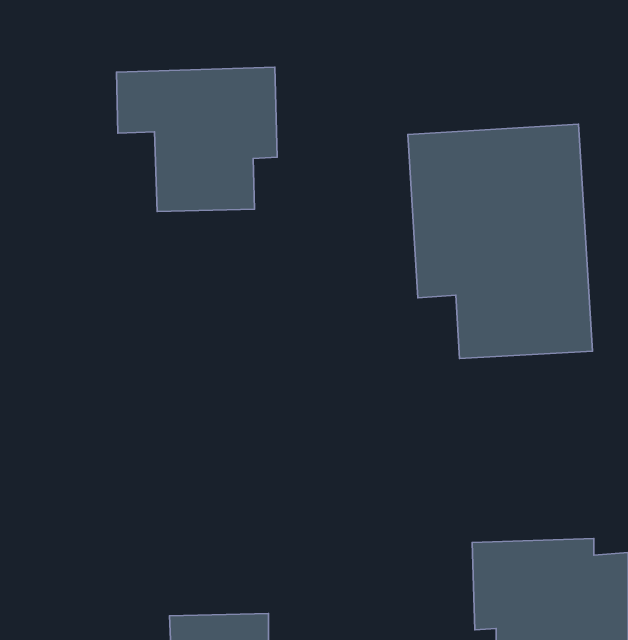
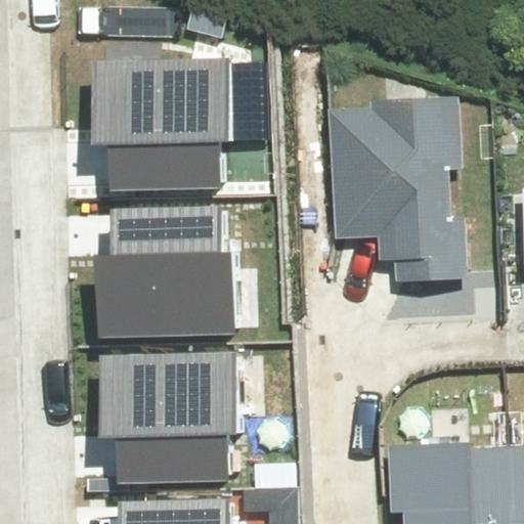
building: none -> [98,205,227,321]
building: none -> [99,355,228,472]

